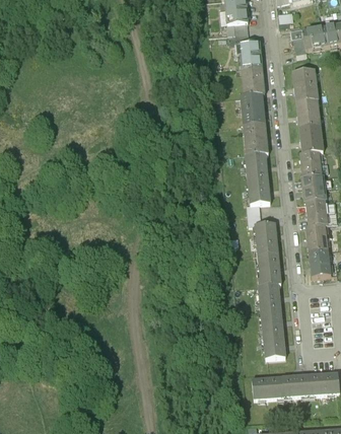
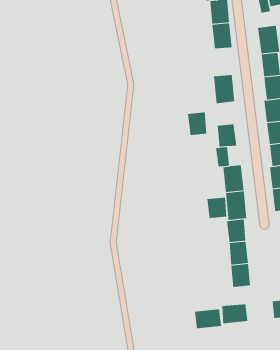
building: [241,93,265,125] -> none
building: [245,153,267,179] -> [187,112,207,136]
building: none -> [207,197,227,219]
building: [280,374,311,396] -> [194,309,222,329]

